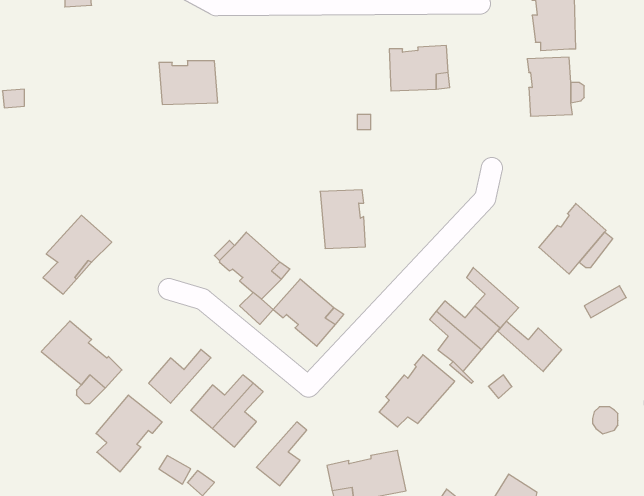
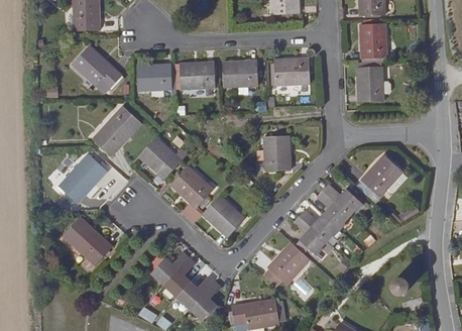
building: none -> [70,49,118,91]
building: none -> [222,61,257,88]
building: none -> [179,63,214,91]
building: none -> [100,111,140,158]
building: none -> [139,140,186,182]
building: [320,190,365,248] -> [264,135,292,171]
building: [498,321,562,372] -> [324,185,362,215]
building: [149,349,211,403] -> [181,279,218,311]
building: [96,395,162,472] -> none

